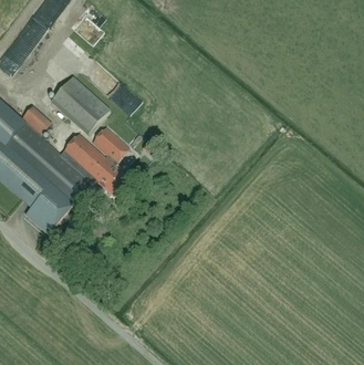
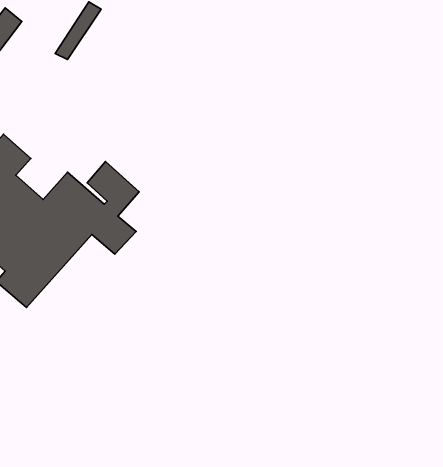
building: [51,77,110,134] -> none

